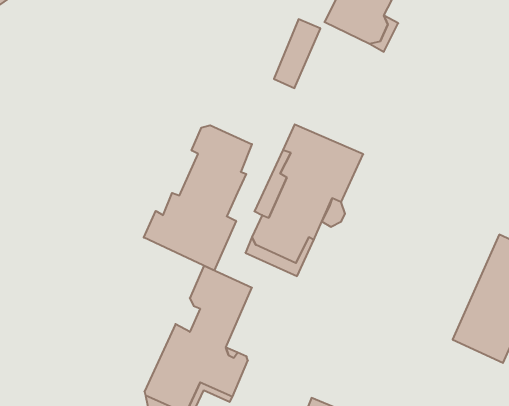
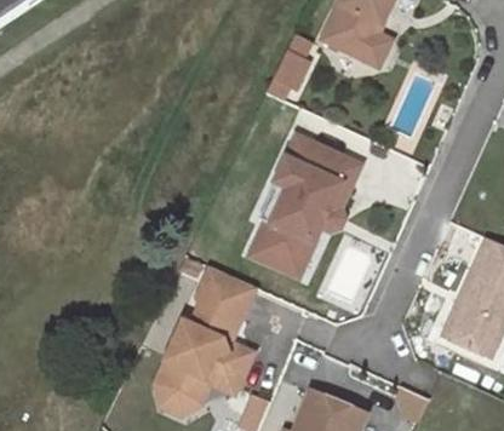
building: [144,125,252,270] -> none

